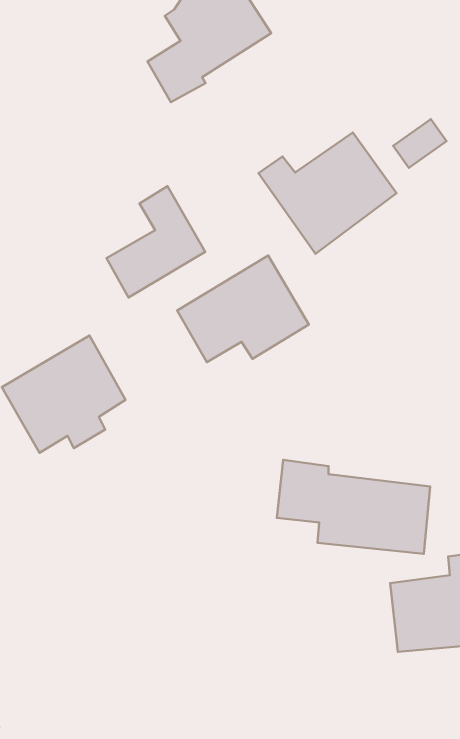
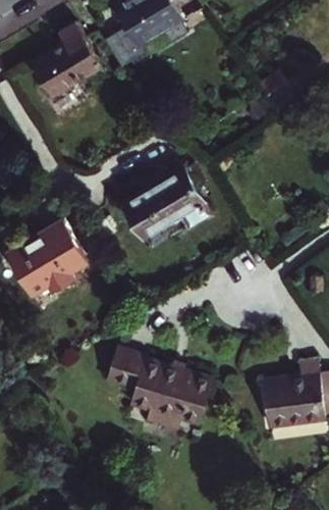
building: [259,132,396,254] -> none
building: [107,186,205,297] -> [36,22,100,95]
building: [277,460,430,554] -> [107,356,207,417]

